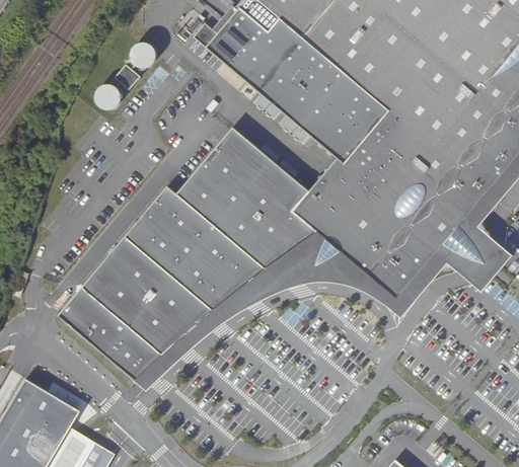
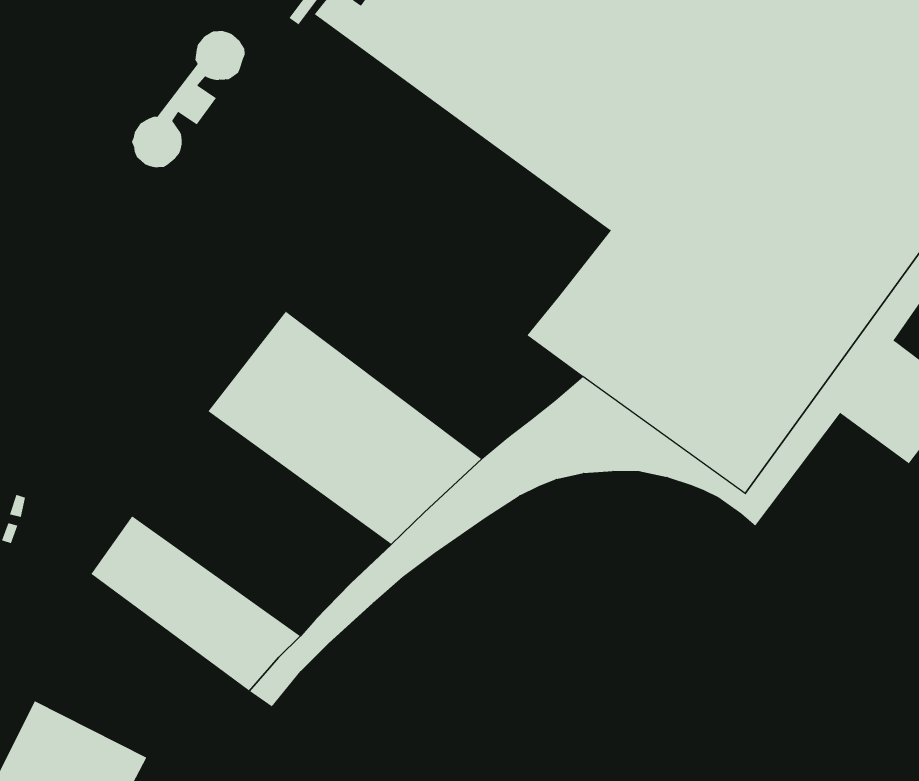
building: [176,128,318,269] -> none
building: [82,235,214,354] -> none

